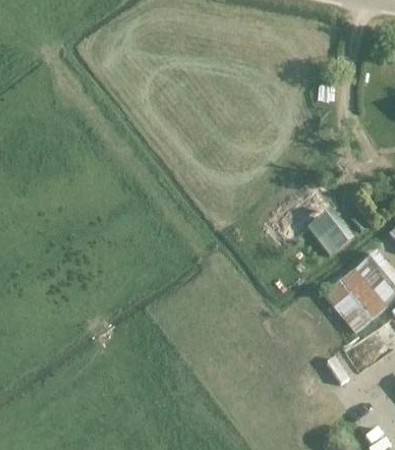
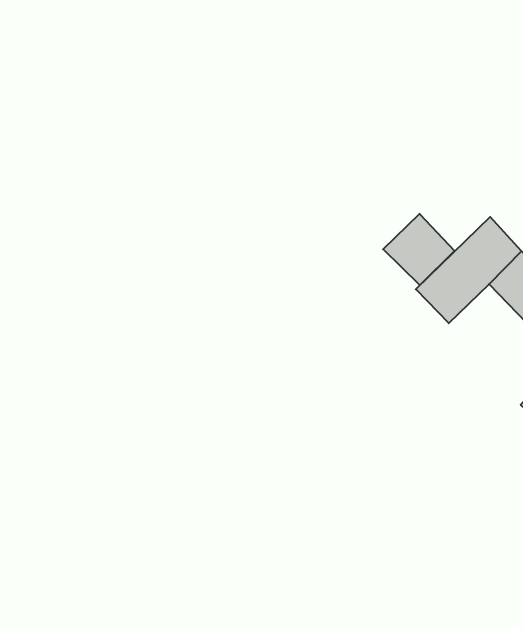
building: none -> [383,214,455,285]

